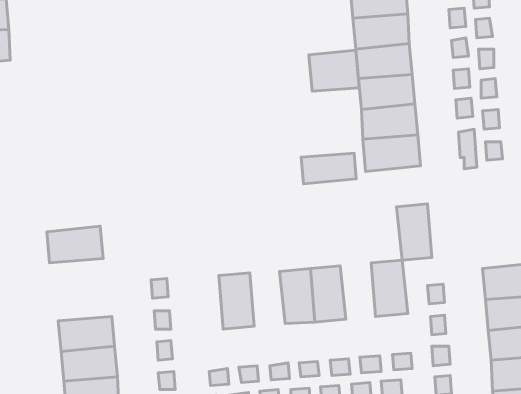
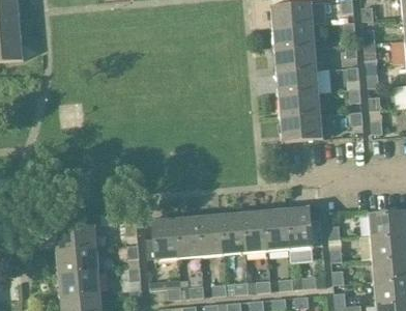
building: [309,50,359,91] -> none
building: [301,153,356,184] -> none
building: [397,204,432,260] -> [263,208,289,250]
building: [47,226,103,263] -> [54,224,95,251]
building: none -> [197,215,223,255]
building: none -> [151,218,177,259]

